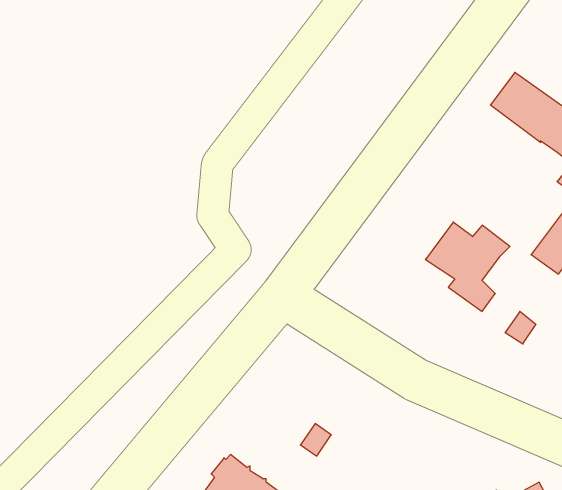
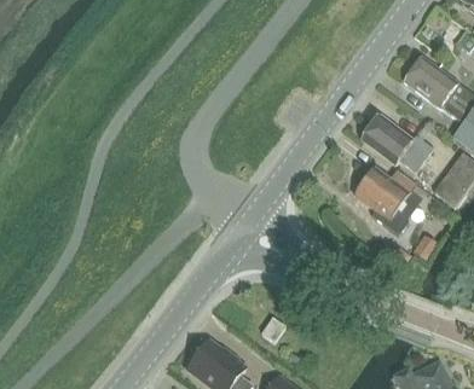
building: none -> [360,114,429,170]

